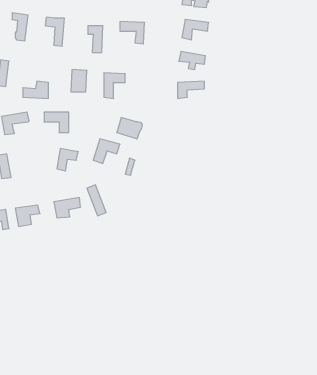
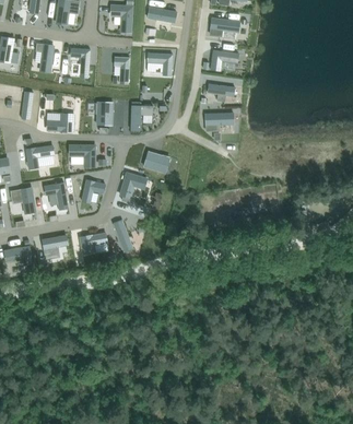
building: none -> [44,182,68,210]

